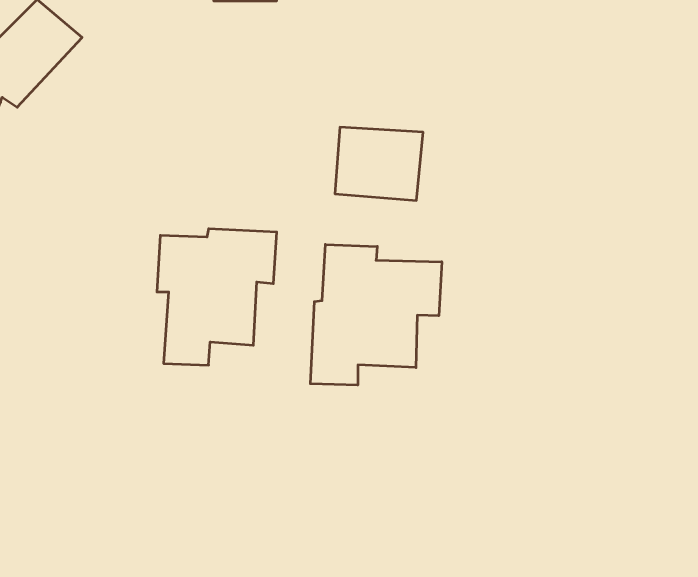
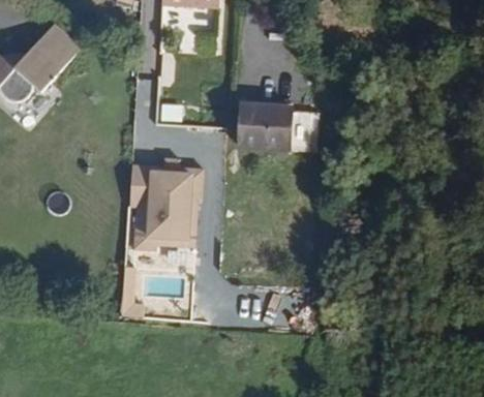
building: [310,244,442,385] -> none

